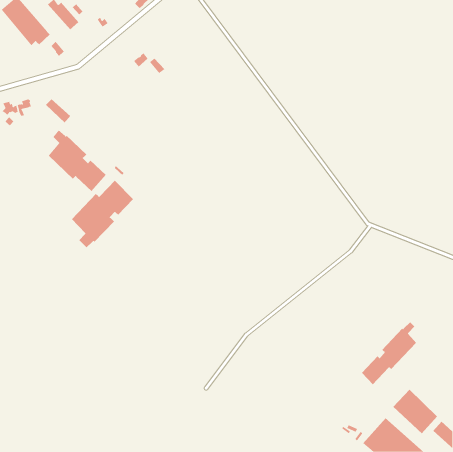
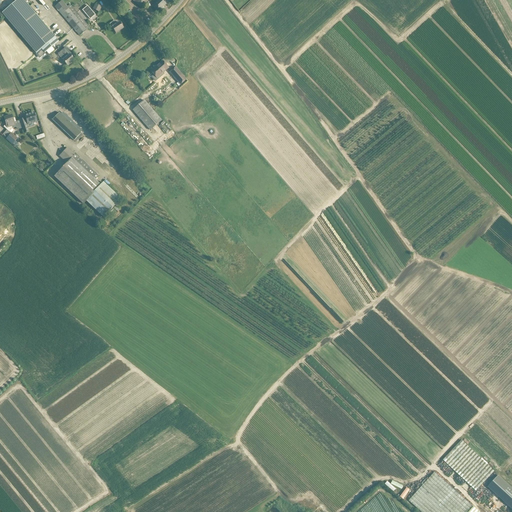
building: none -> [132,98,160,128]
building: [71,180,134,248] -> none
building: [361,321,417,385] -> none

